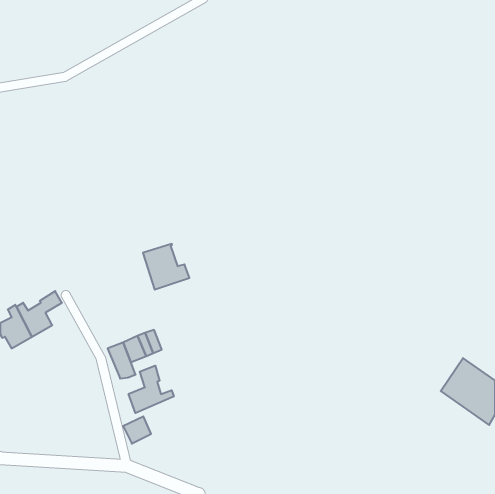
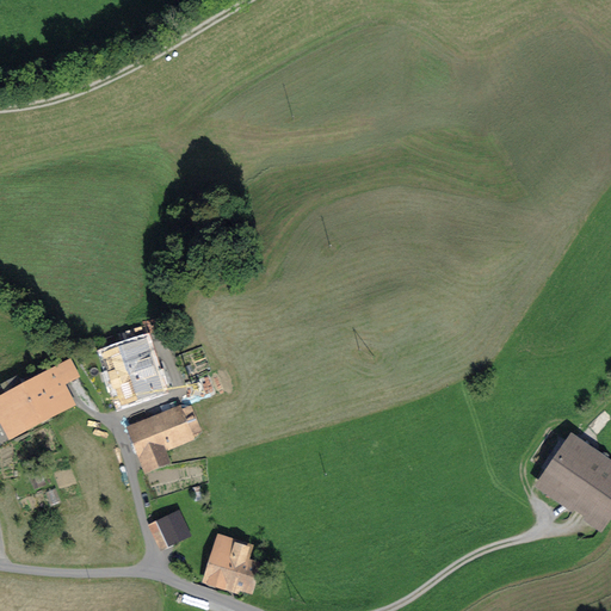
building: [143,244,189,290] -> [111,341,168,397]
building: [129,366,174,413] -> none
building: none -> [211,542,255,587]

